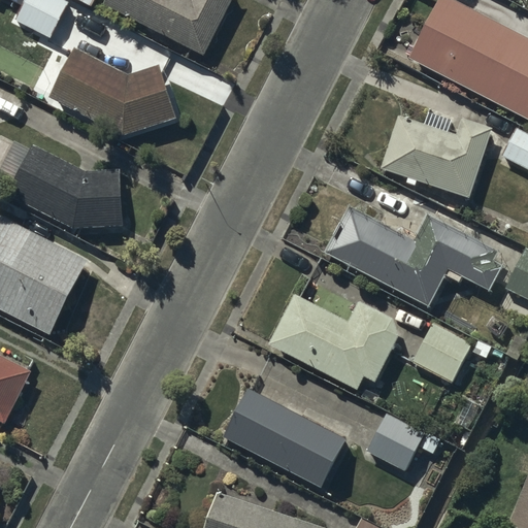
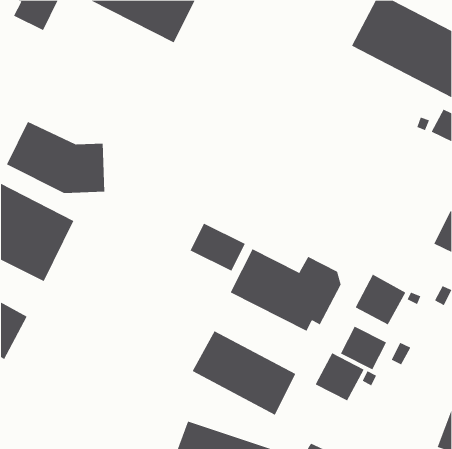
building: [50,47,176,134] -> none
building: [380,113,491,198] -> none
building: [325,206,500,306] -> none
building: none -> [190,223,245,271]
building: none -> [340,326,387,370]

